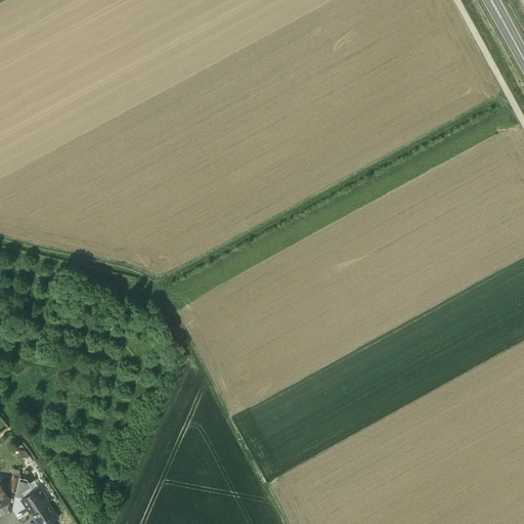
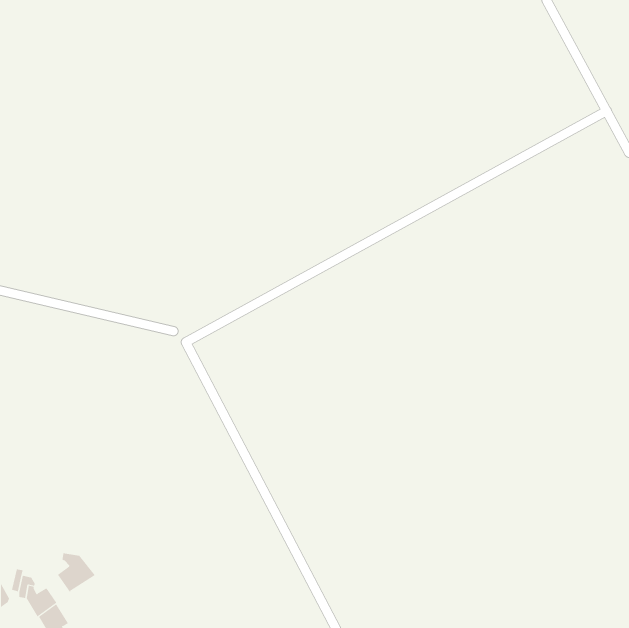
building: none -> [57,553,95,593]

